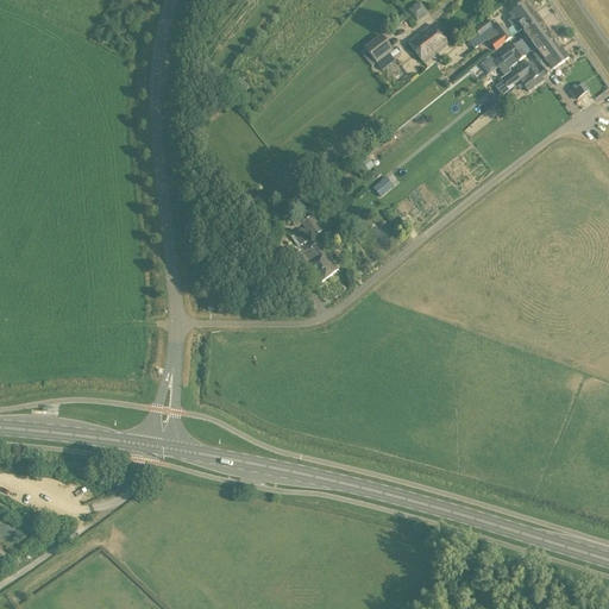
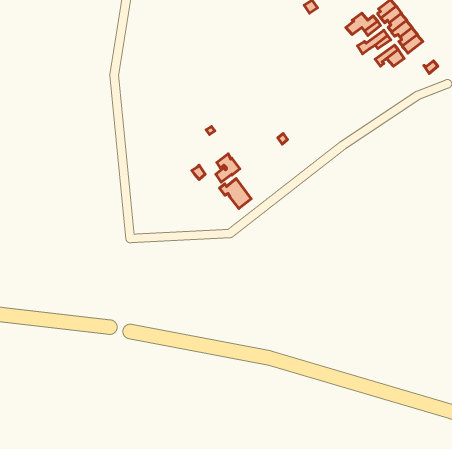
building: [409,24,447,61] -> none
building: [360,32,394,64] -> none

